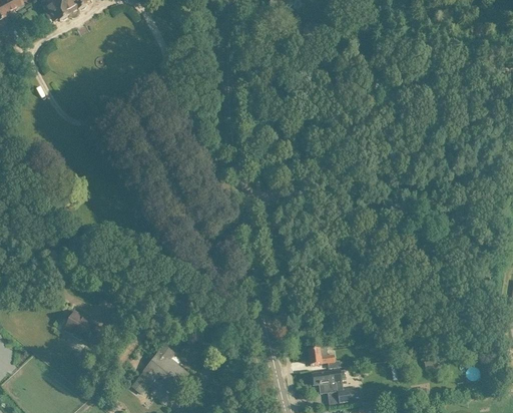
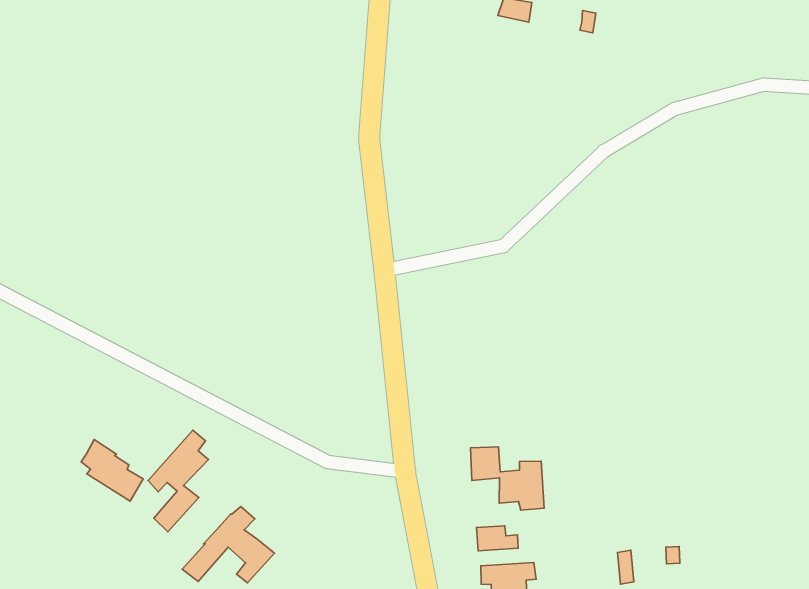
building: none -> [470,447,544,510]
building: none -> [148,430,208,532]

